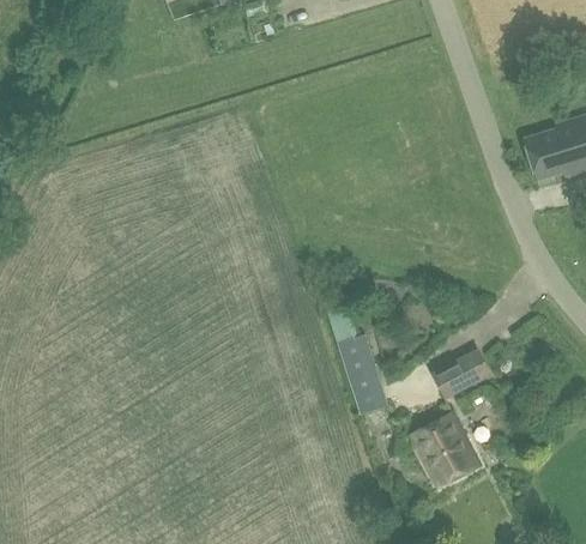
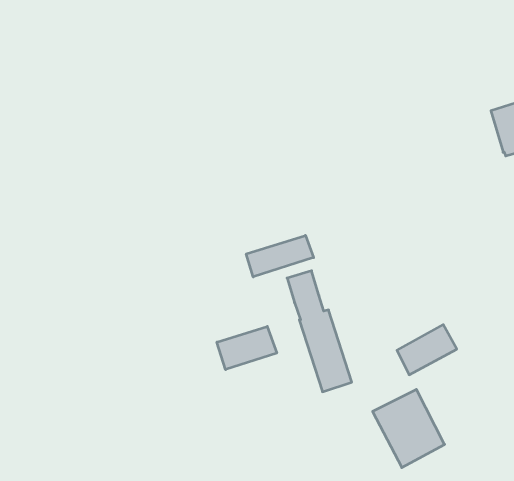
building: none -> [246,235,314,277]
building: none -> [217,326,277,370]

